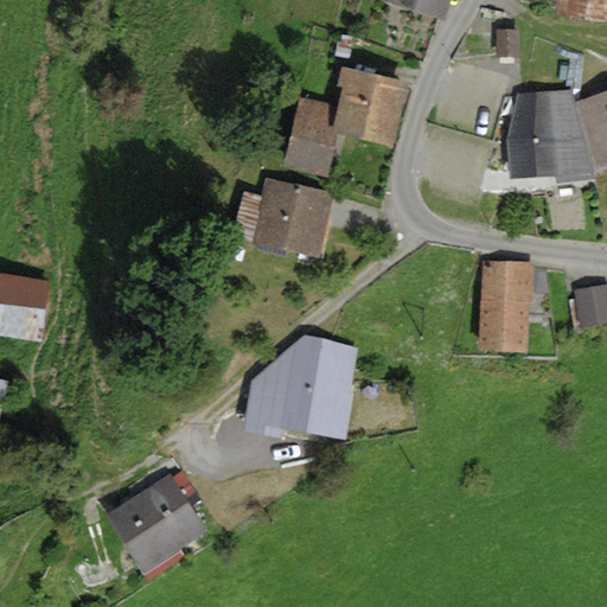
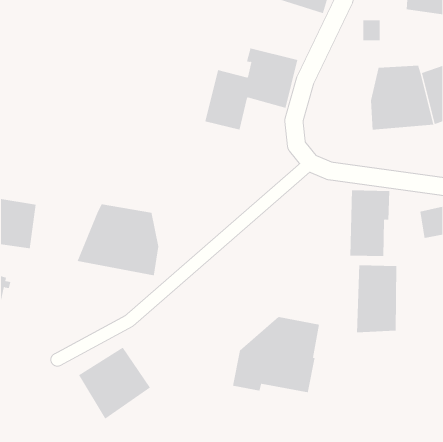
building: [231,174,337,256] -> none
building: none -> [77,204,159,276]
building: [242,334,362,439] -> [232,317,320,393]
building: none -> [357,264,397,333]

